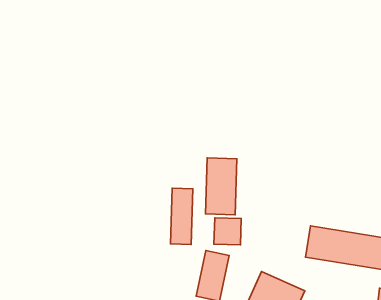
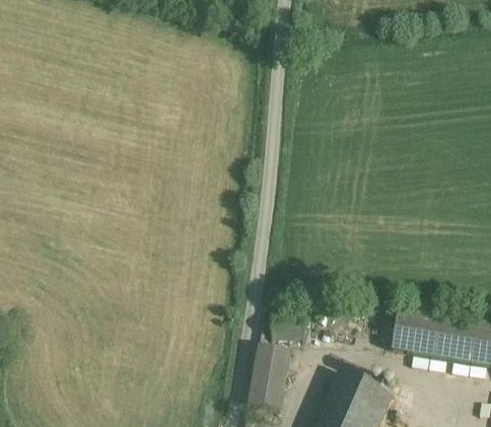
building: [206,158,237,215] -> none
building: [171,188,193,245] -> none

